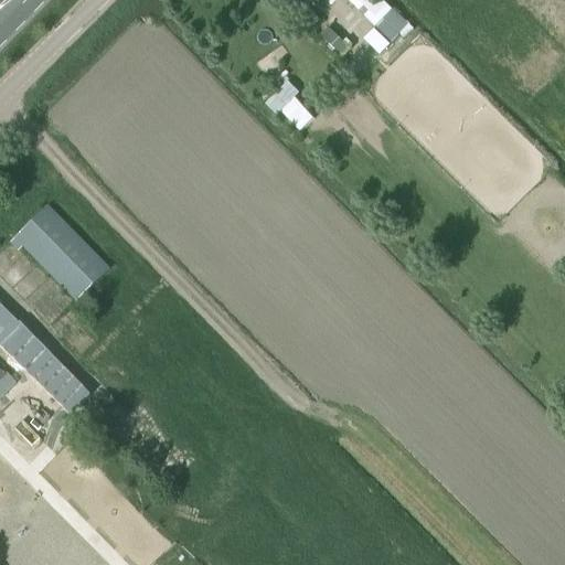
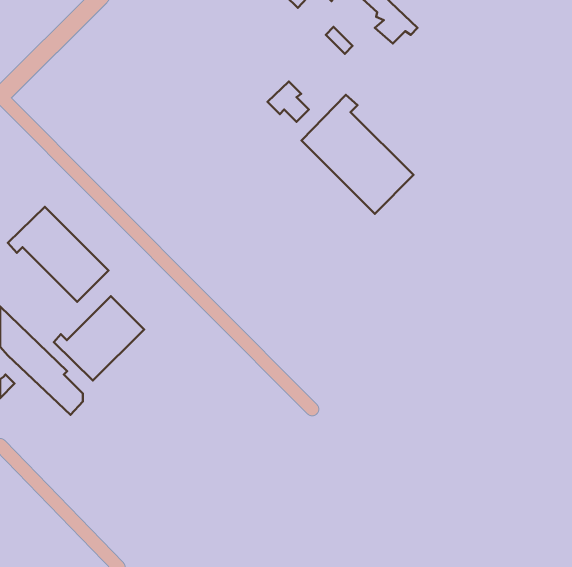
building: none -> [301,95,414,214]
building: none -> [54,296,144,380]

